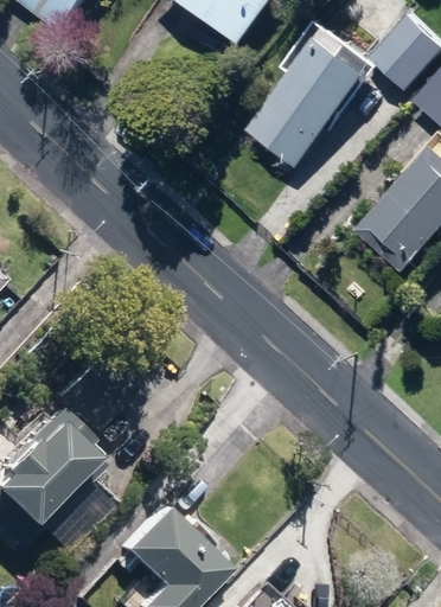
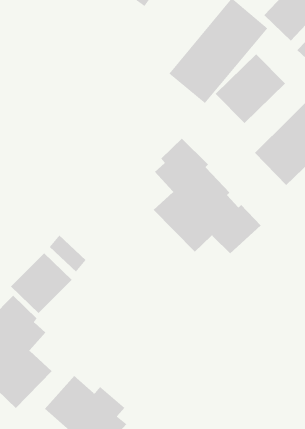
building: none -> [215,54,286,124]
building: none -> [153,138,262,254]

